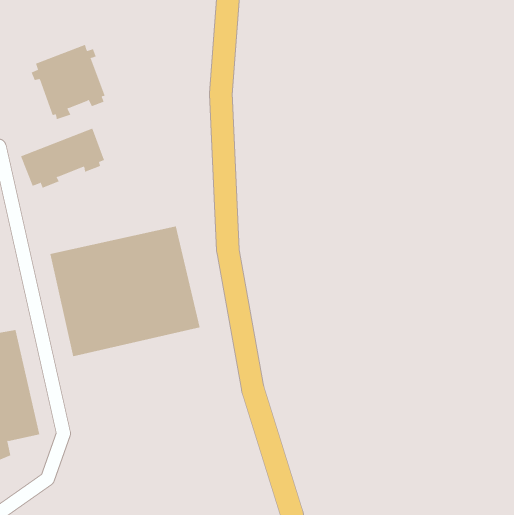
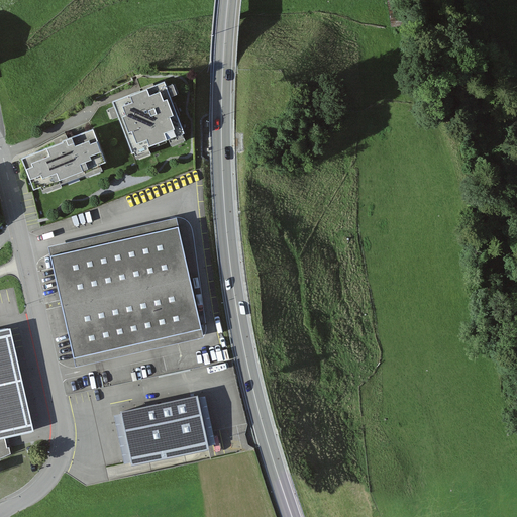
building: [31,44,106,120] -> [109,81,184,157]
building: none -> [111,393,209,473]

